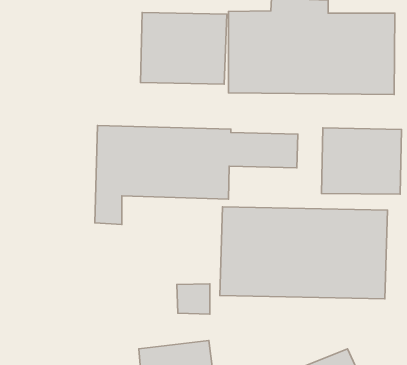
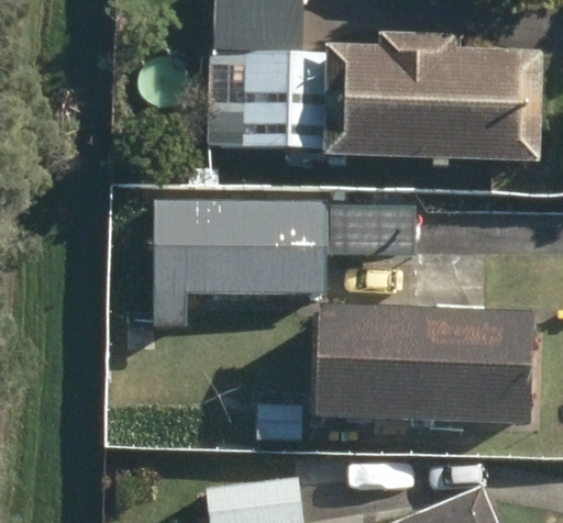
building: [321,128,402,194] -> none

